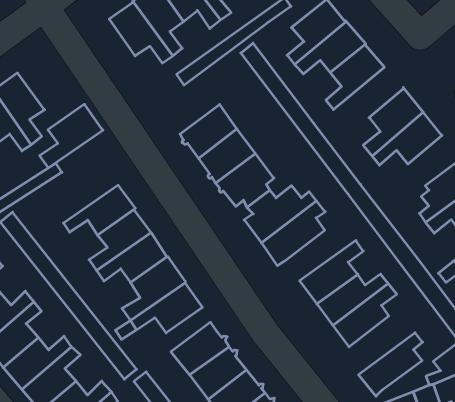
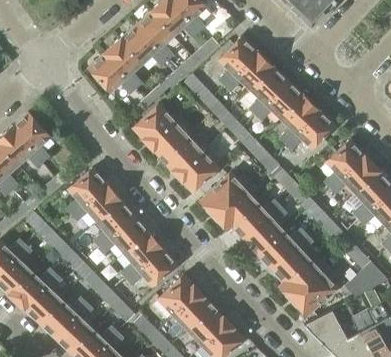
building: none -> [255,81,303,121]
building: none -> [133,104,174,144]
building: [40,104,103,168] -> [65,168,108,216]
building: none -> [232,194,281,239]
building: none -> [279,257,330,301]

